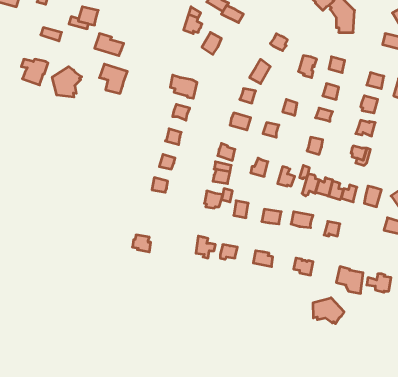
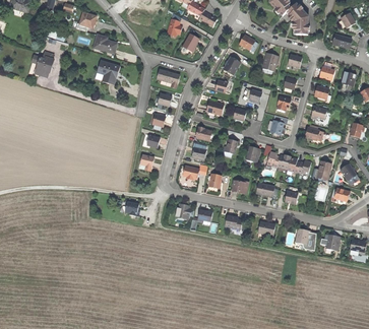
building: [52,67,82,97] -> none
building: [313,298,344,324] -> none

